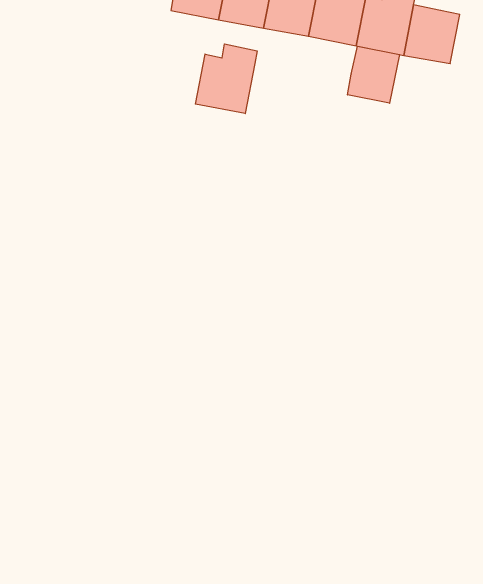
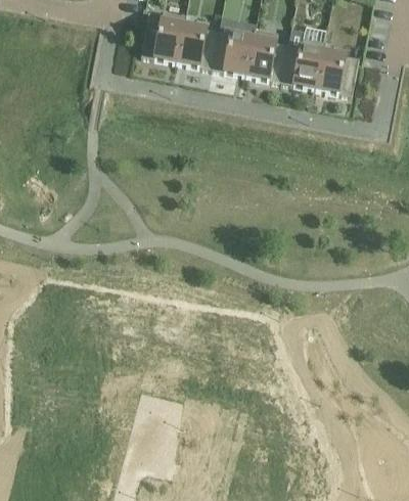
building: [195,44,257,114] -> none
building: [348,46,400,103] -> none

